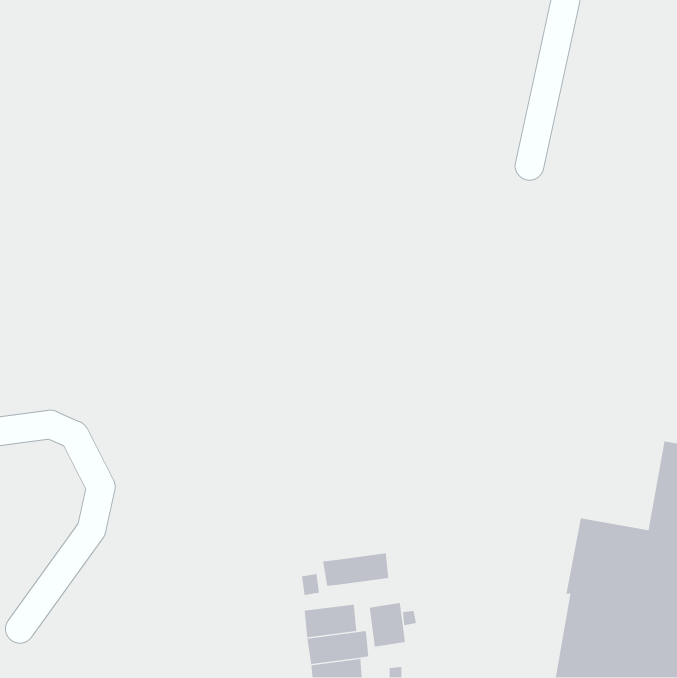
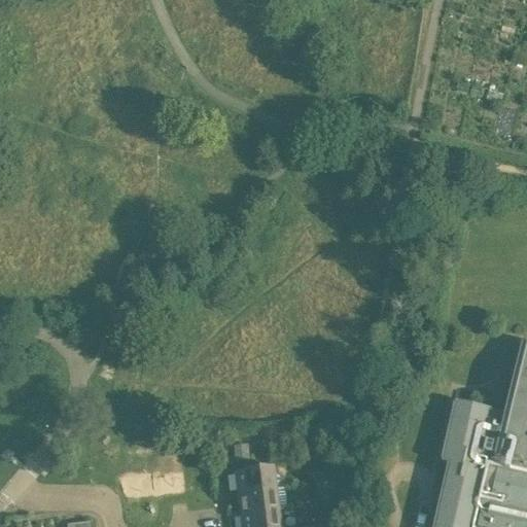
building: [322,552,389,587] -> none
building: [369,602,406,648] -> none

